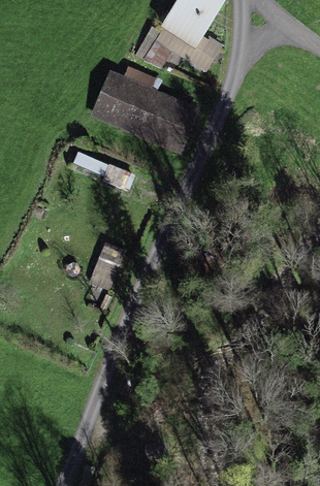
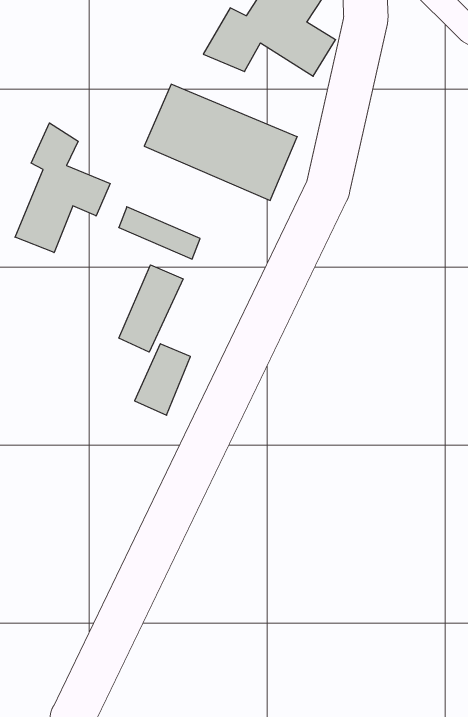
building: none -> [15,123,110,253]
building: none -> [119,265,183,352]

